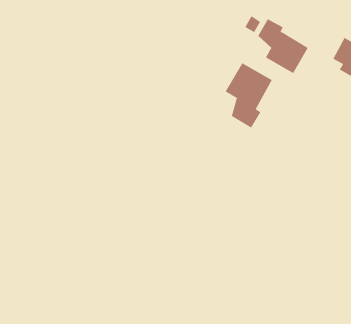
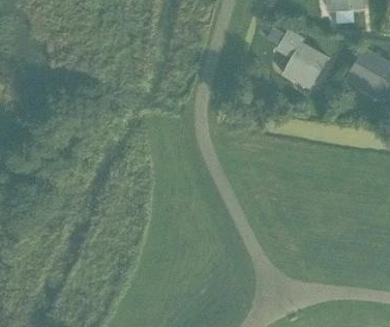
building: [225,62,273,128] -> none

